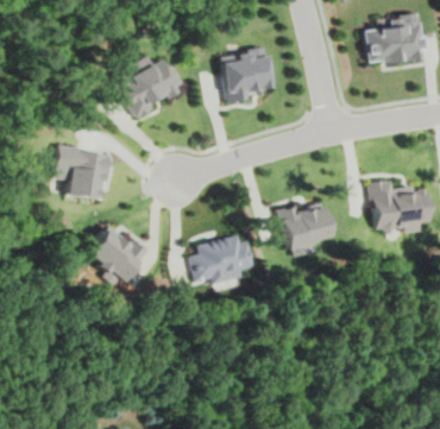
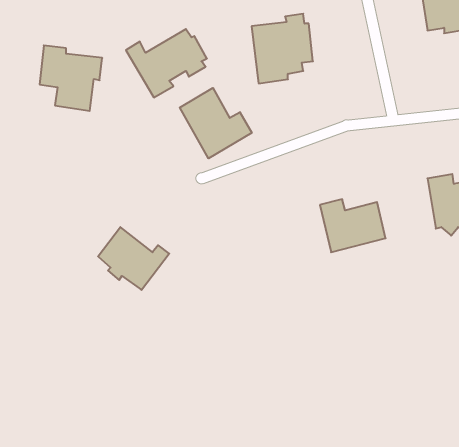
building: none -> [180,88,252,158]
building: [57,143,111,198] -> [40,45,102,111]
building: [190,234,254,283] -> none

